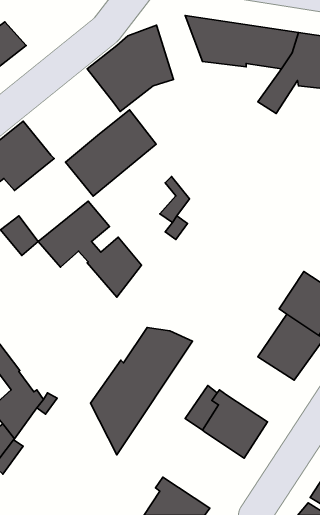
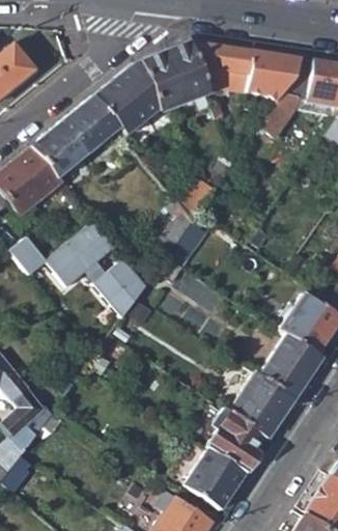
building: none -> [162,41,208,104]
building: [65,110,156,196] -> [32,93,120,177]
building: [90,327,193,455] -> none
building: none -> [230,370,295,437]
building: none -> [185,447,247,508]

